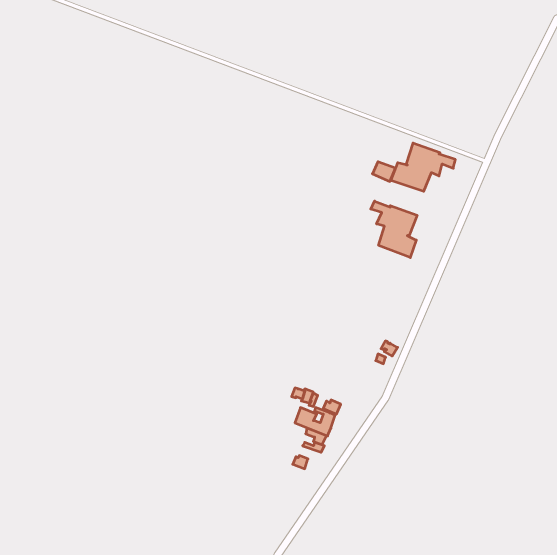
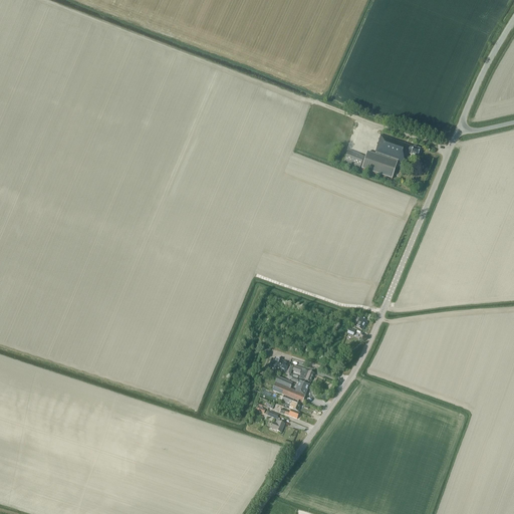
building: [371,201,417,258] -> none

